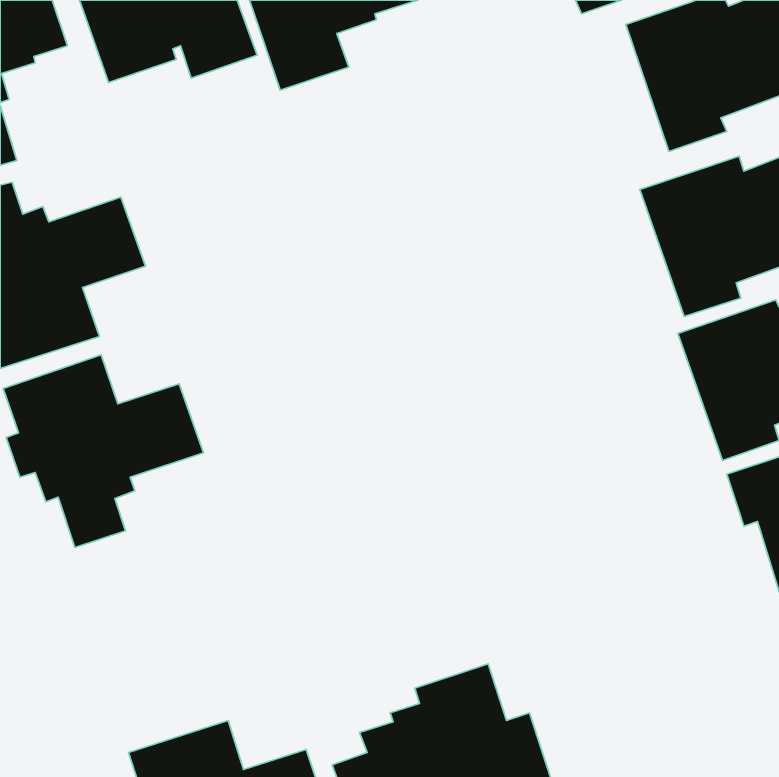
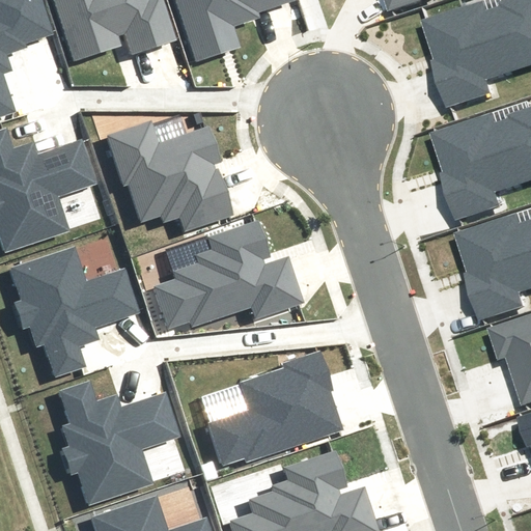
building: none -> [105,120,230,228]
building: none -> [150,223,298,334]
building: none -> [204,354,341,467]
building: none -> [56,380,181,506]

